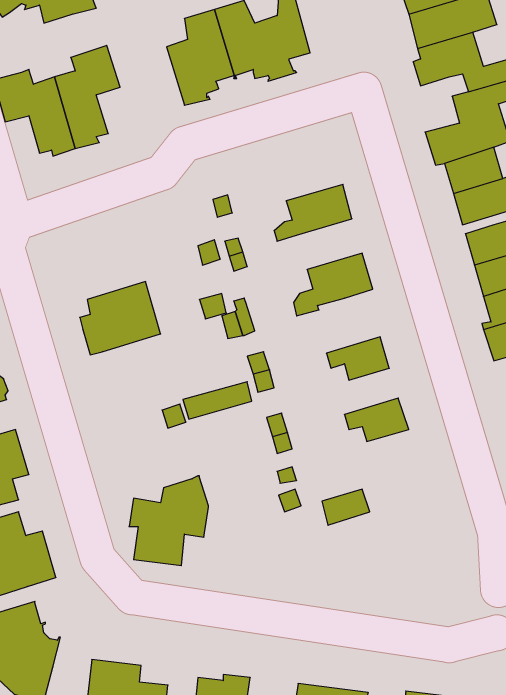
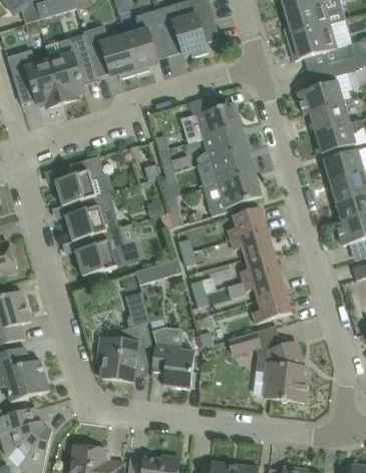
building: none -> [83,25,135,78]
building: none -> [181,95,242,142]
building: none -> [211,149,255,183]
building: none -> [55,155,109,205]
building: none -> [228,207,267,240]
building: none -> [75,226,140,276]
building: none -> [240,250,279,281]
building: none -> [124,291,150,327]
building: none -> [253,291,292,323]
building: none -> [151,327,195,388]
building: none -> [256,341,309,402]

